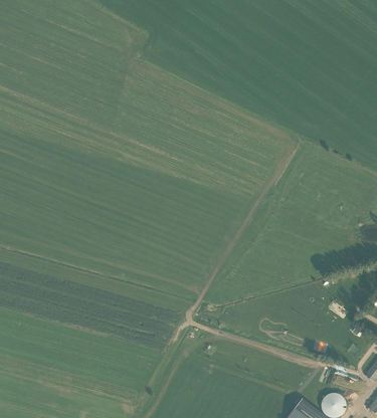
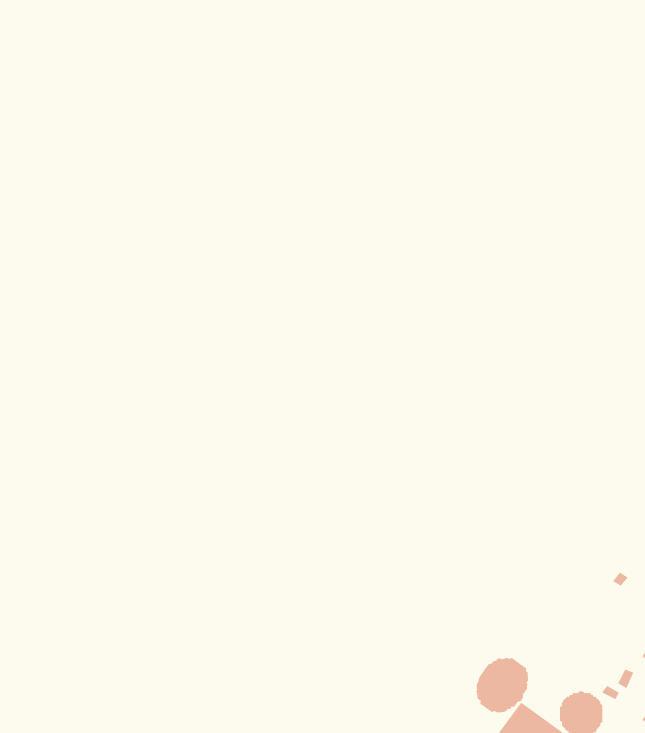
building: none -> [475,657,529,713]

